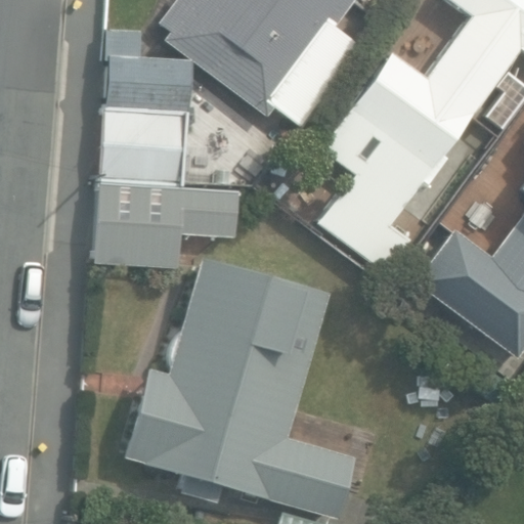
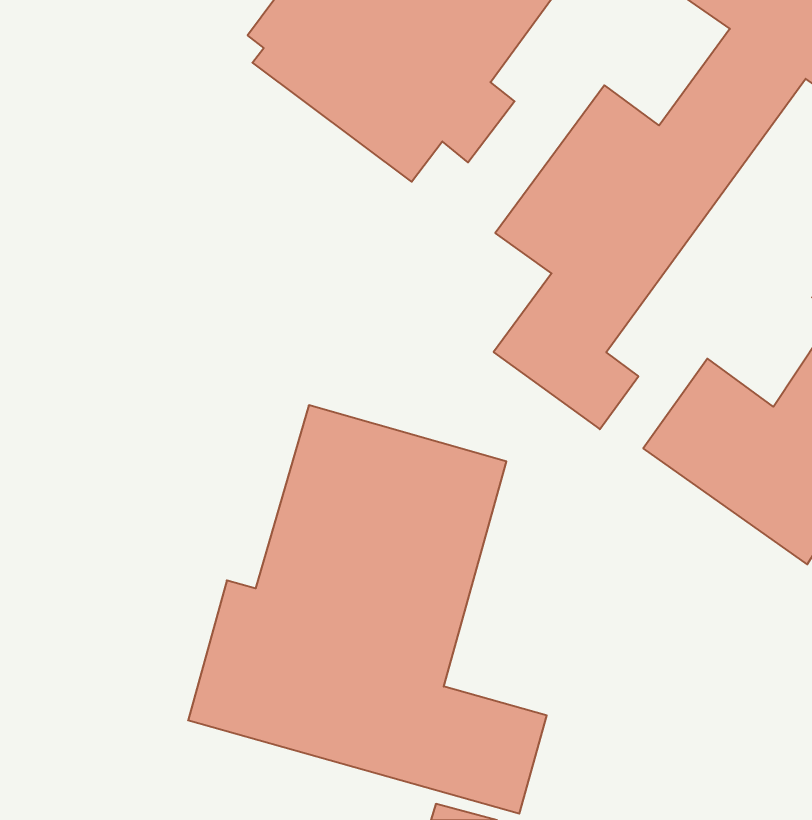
building: [103,30,192,183] -> none
building: [94,185,241,268] -> none

